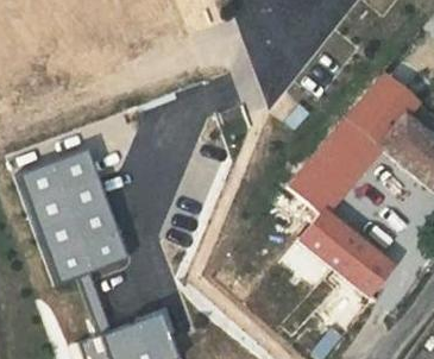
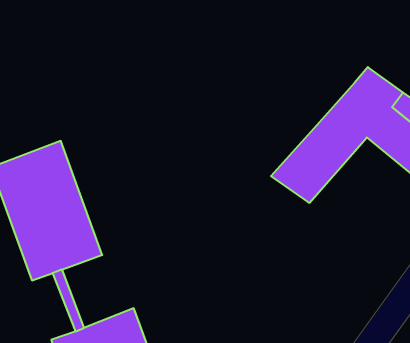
building: [301,209,396,297] -> none

